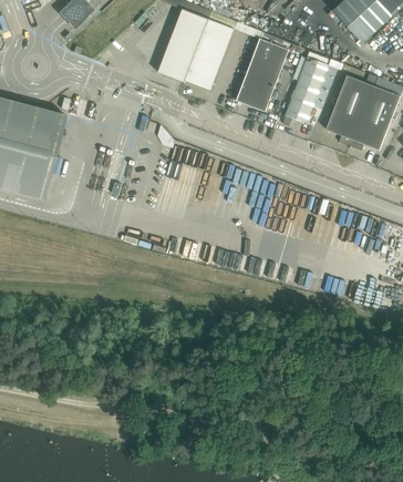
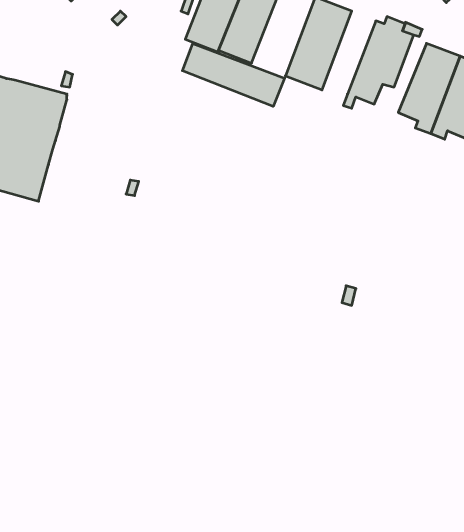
building: none -> [182,43,285,106]

